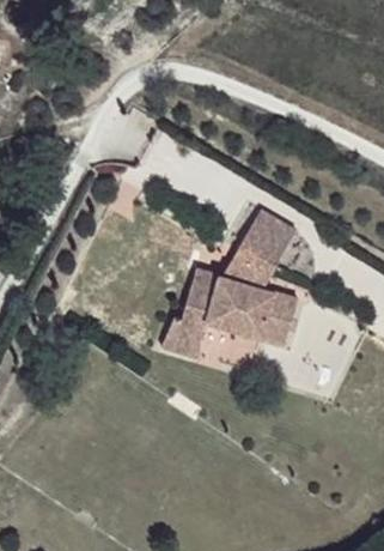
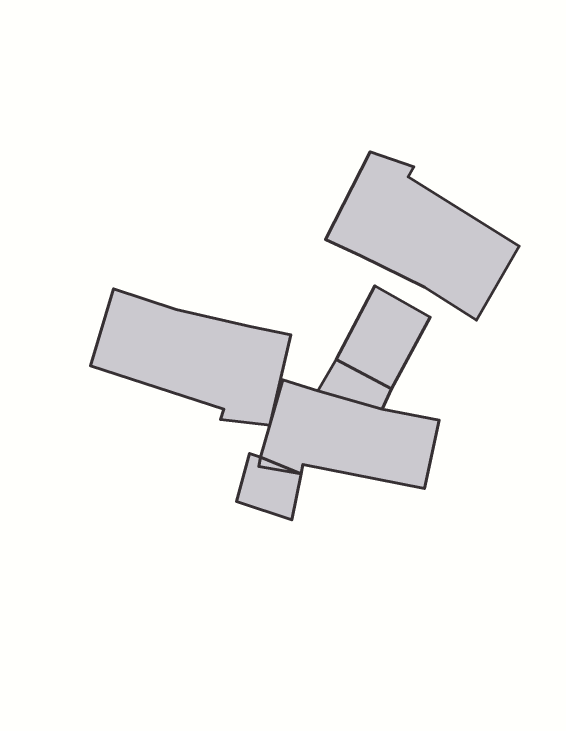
building: none -> [326,152,519,320]
building: none -> [90,289,291,425]

